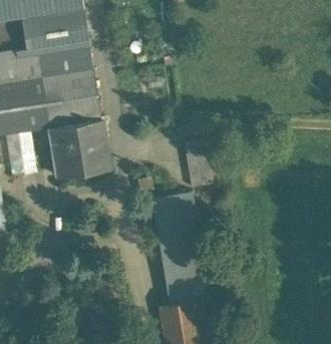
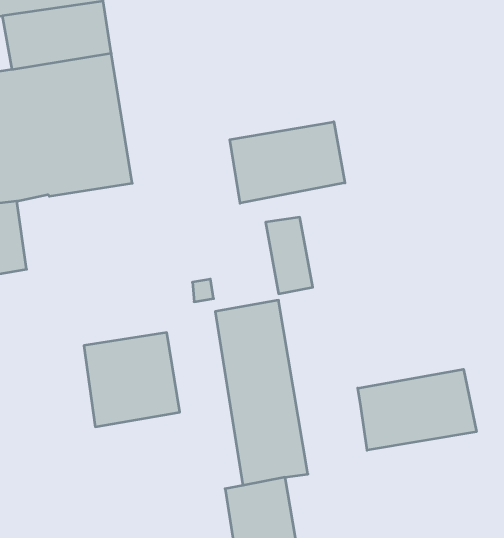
building: none -> [230,122,345,203]
building: [50,118,109,177] -> [84,333,180,427]
building: none -> [358,369,476,450]

